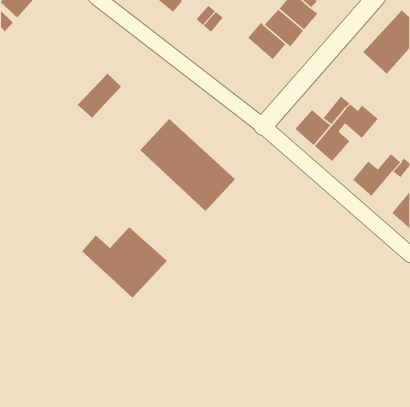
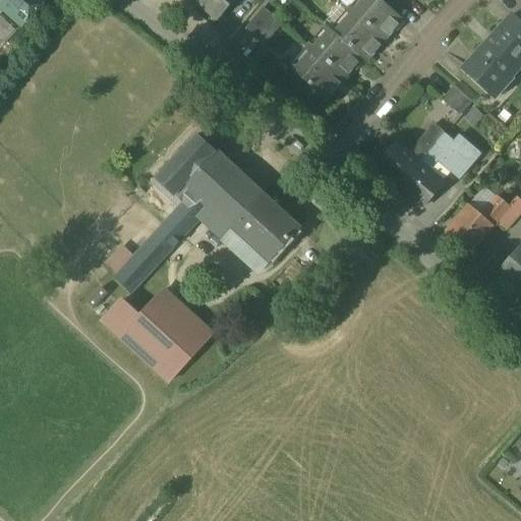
building: none -> [295,48,346,97]
building: none -> [441,81,473,113]
building: [77,73,122,119] -> [158,132,215,190]
building: none -> [116,201,196,292]

